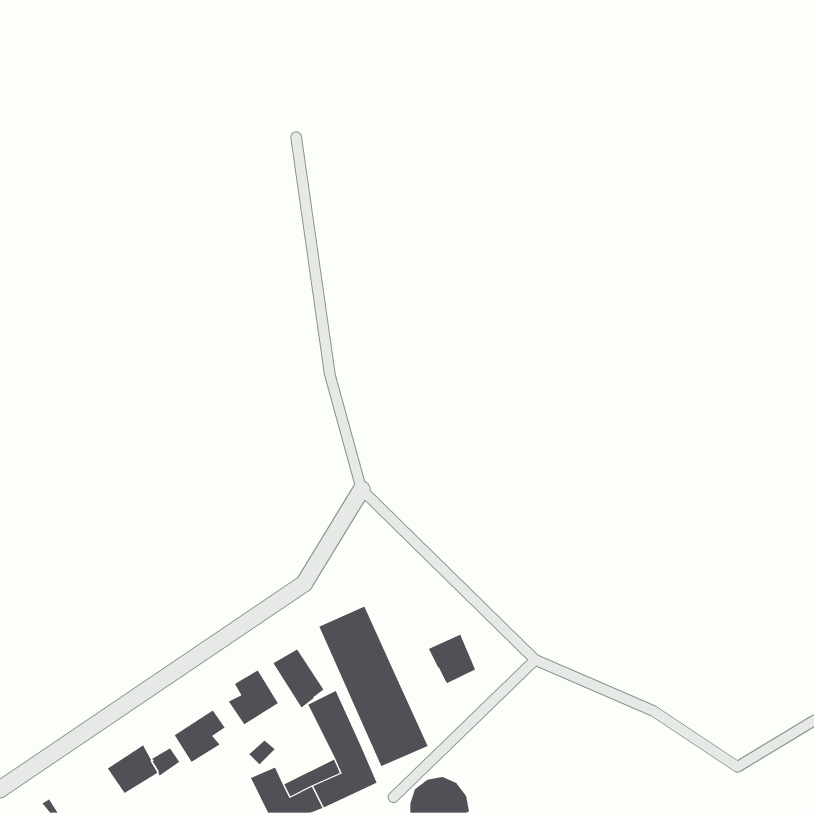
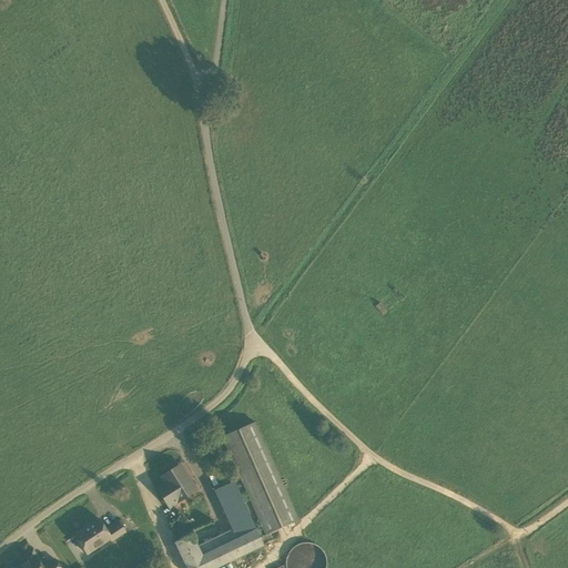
building: [428,634,476,684] -> none
building: [273,648,324,709] -> none
building: [174,709,226,763] -> none

